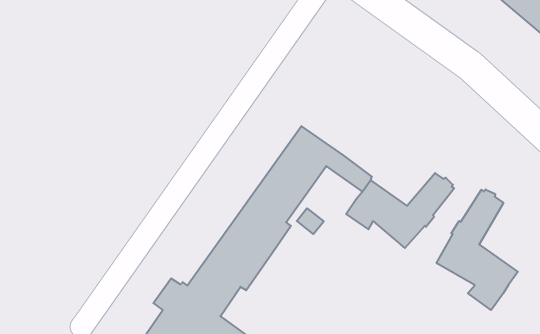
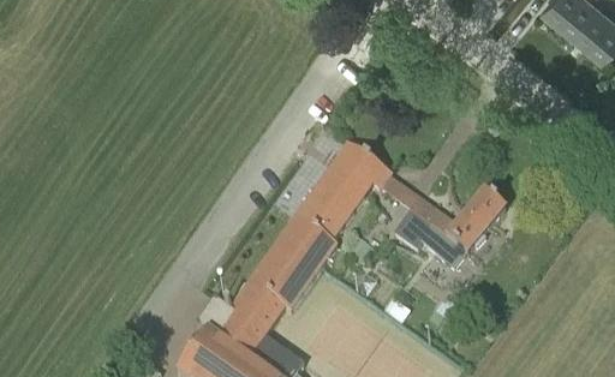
building: [437,189,518,310] -> none

